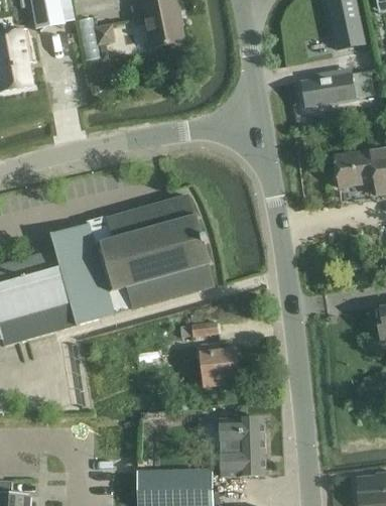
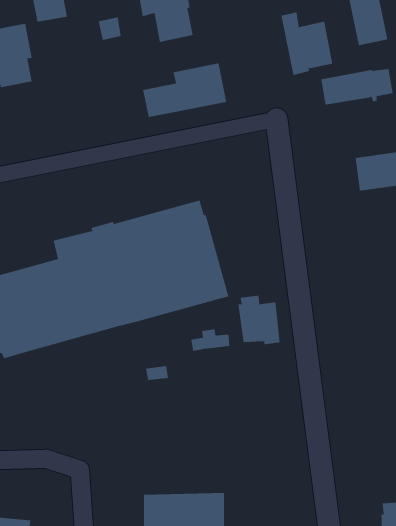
building: none -> [281,11,333,76]
building: none -> [142,63,227,118]
building: [199,343,239,389] -> [238,295,281,345]
building: [221,418,265,476] -> none

